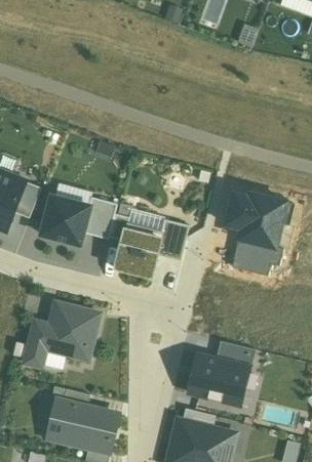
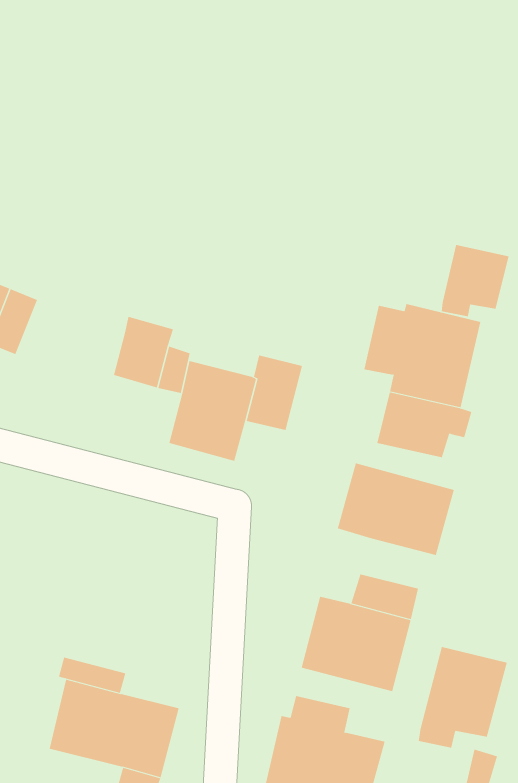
building: none -> [441,244,509,317]
building: [41,196,89,244] -> none
building: none -> [337,463,454,556]
building: [26,303,101,366] -> none
building: none -> [418,646,507,749]

